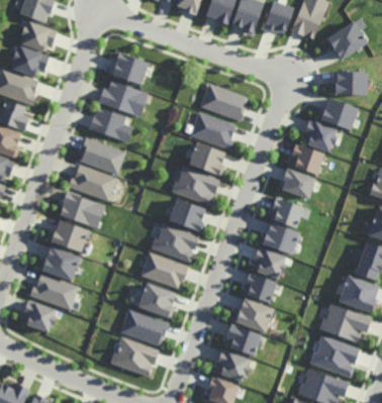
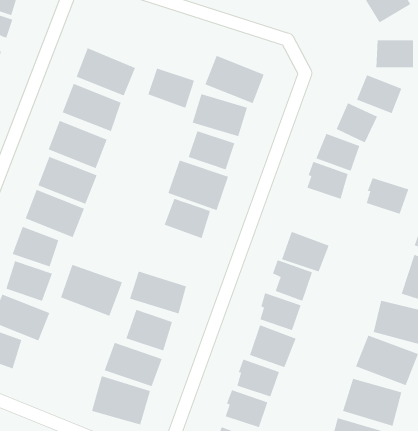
building: [111,53,149,85] -> [148,68,195,109]
building: [271,198,305,227] -> [366,178,409,215]
building: [151,220,200,262] -> [60,264,123,317]

